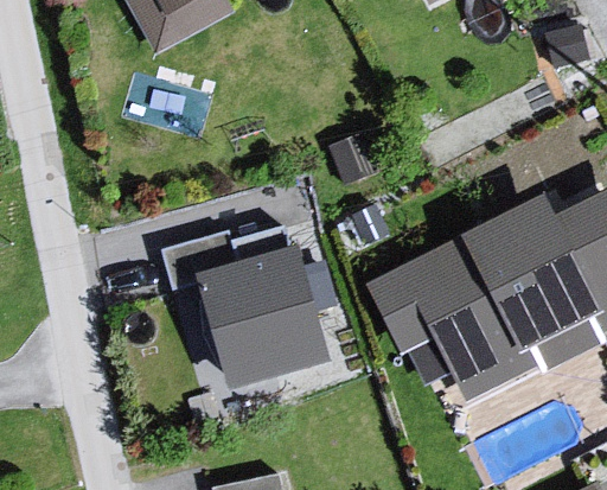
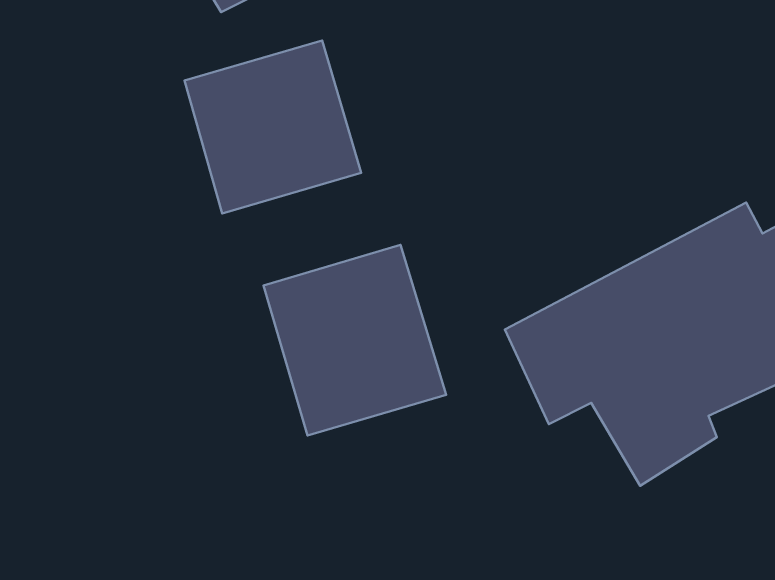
building: none -> [184,40,361,214]

